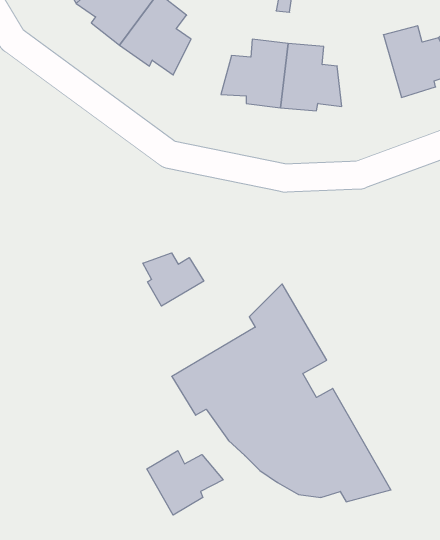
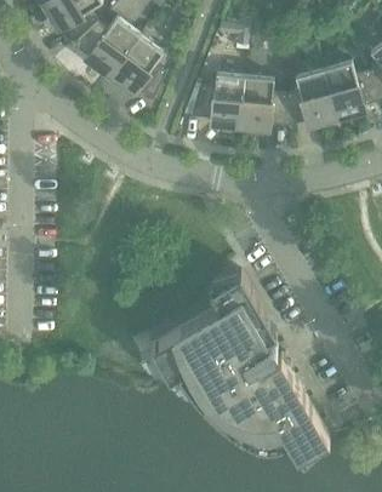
building: none -> [284,69,336,127]
building: [143,253,204,306] -> none
building: [147,451,223,515] -> none

